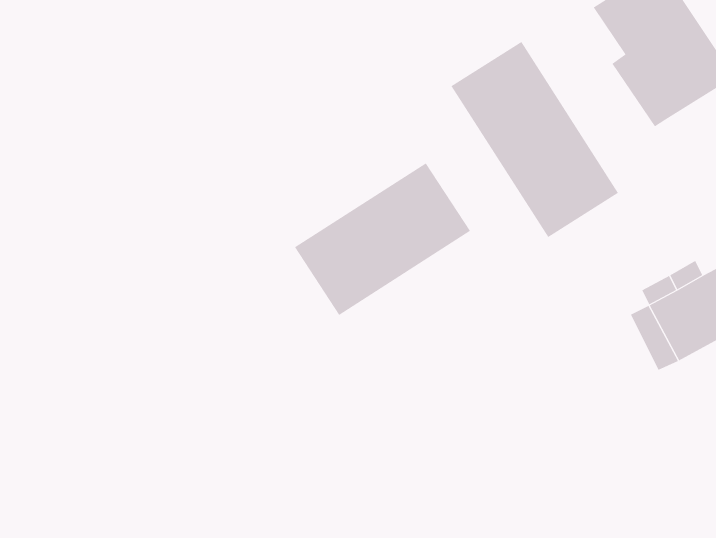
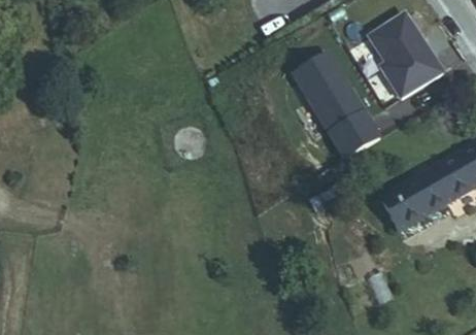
building: [294,162,471,316] -> none

